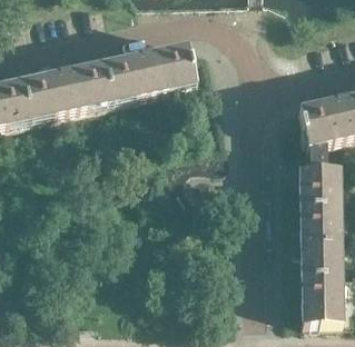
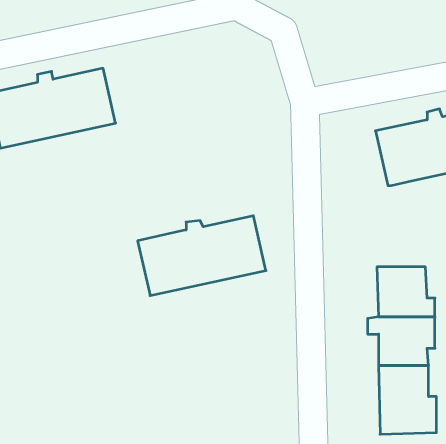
building: [106,42,197,99] -> [138,216,266,296]
building: [300,140,341,201] -> none

